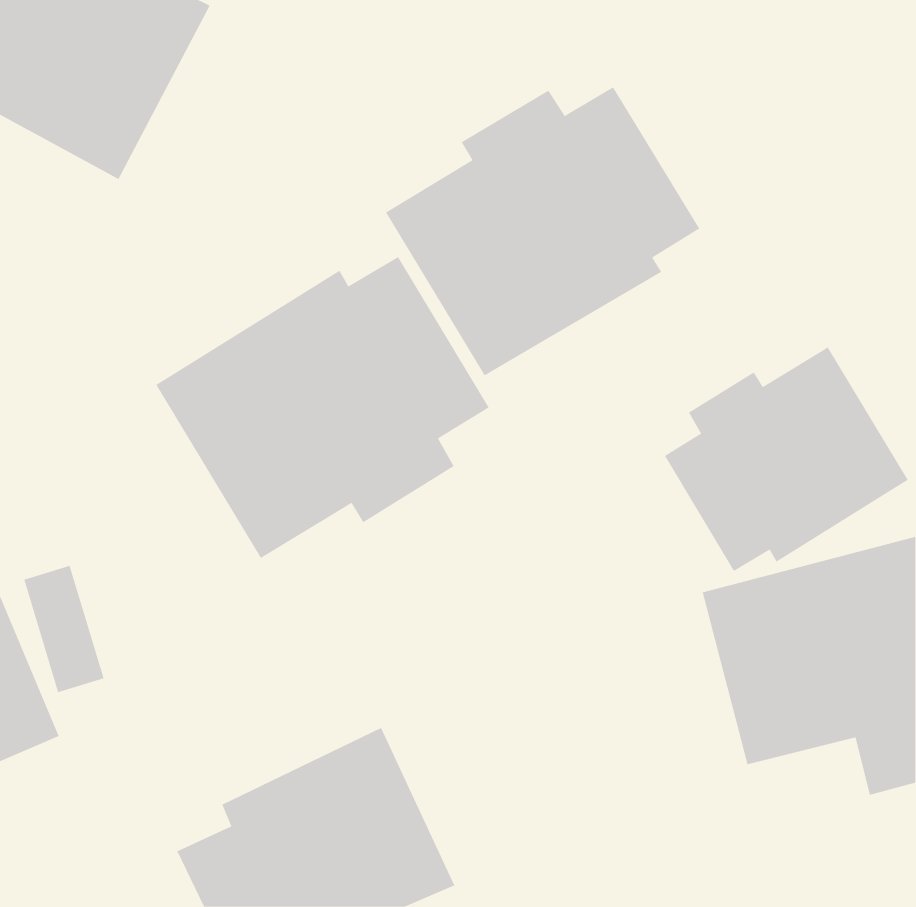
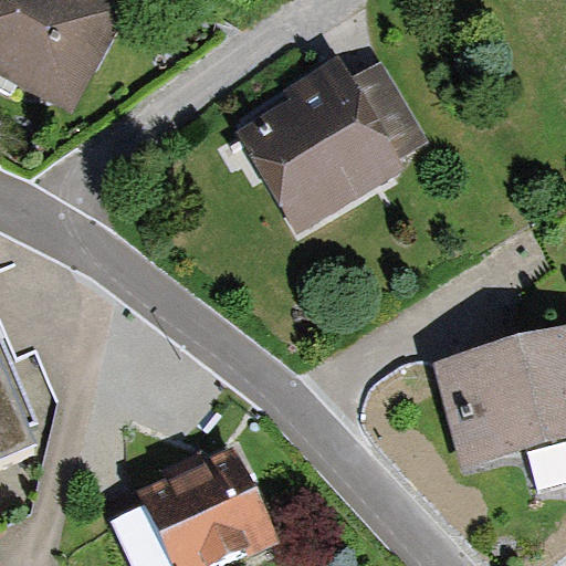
building: [156,256,489,559] -> none
building: [664,347,909,572] -> none

